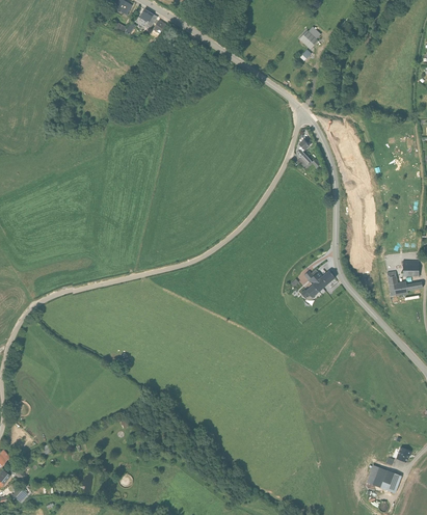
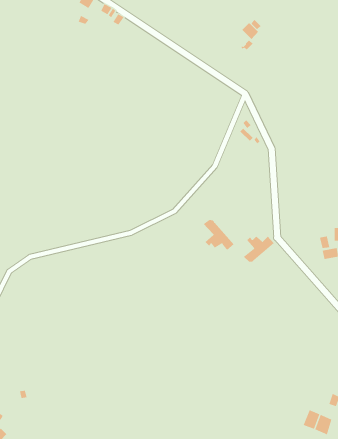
building: none -> [203,219,235,251]

